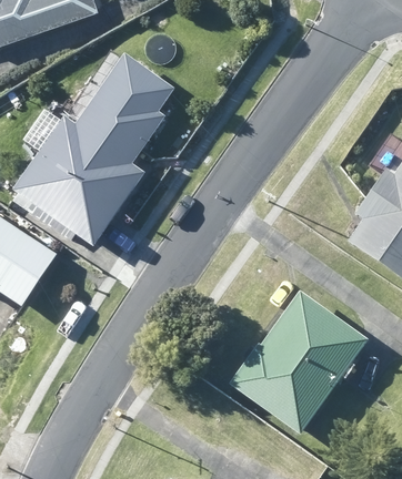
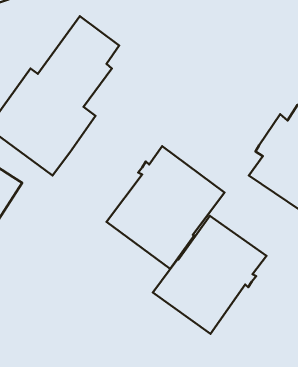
building: none -> [106,146,225,269]

